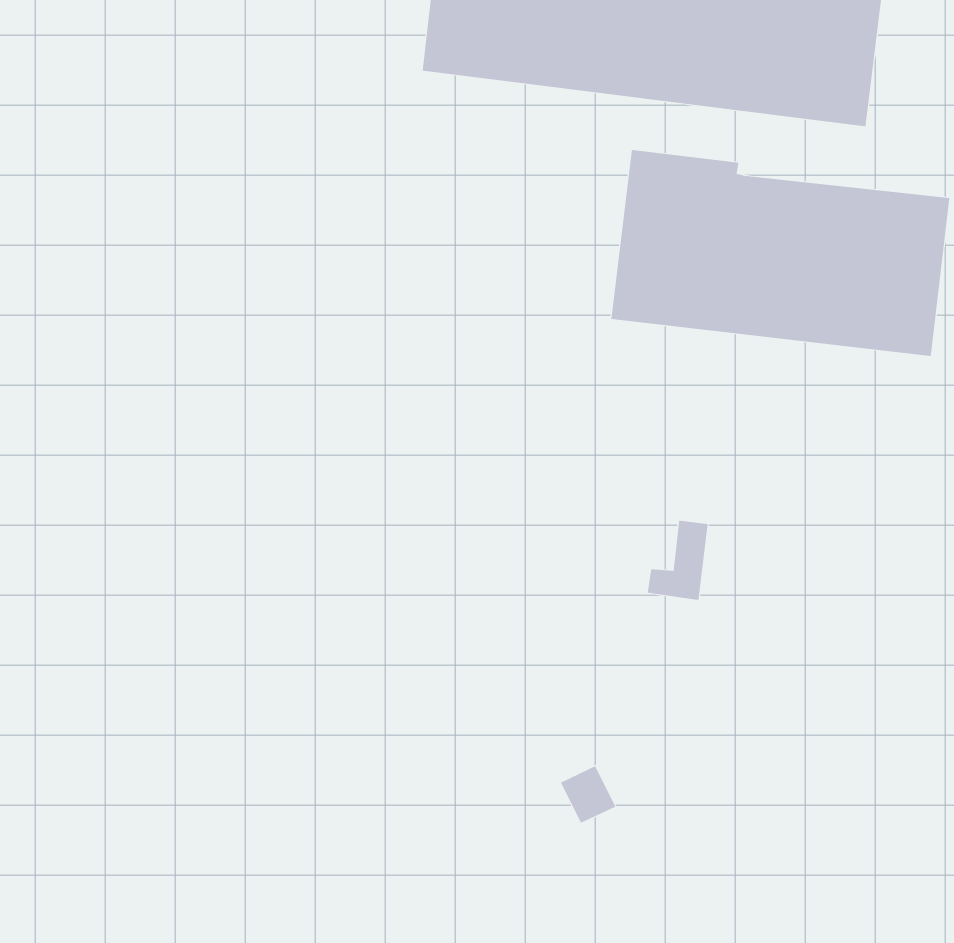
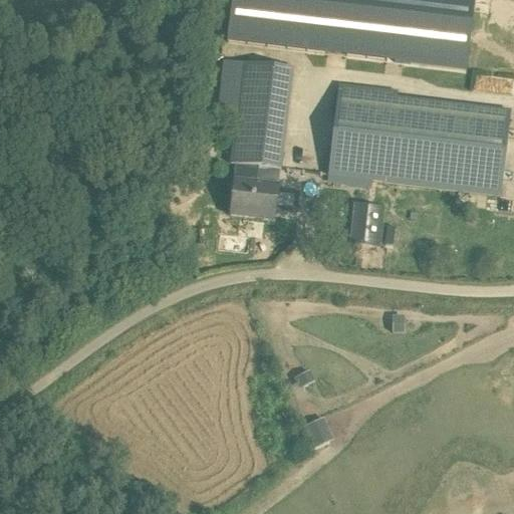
building: none -> [216,57,292,216]
building: [647,520,708,600] -> [350,202,383,245]

